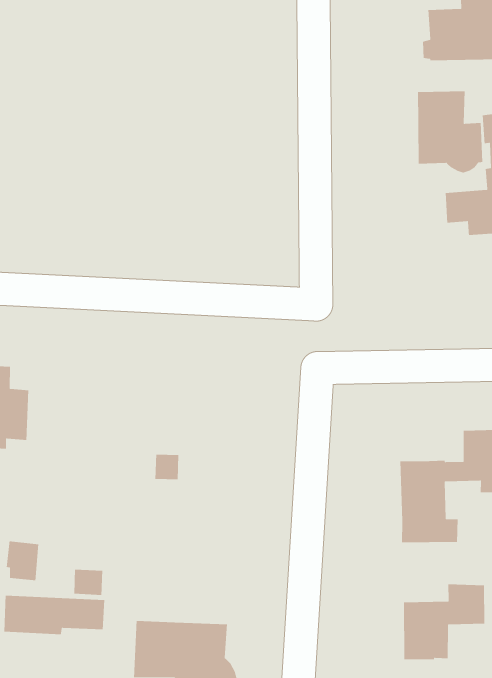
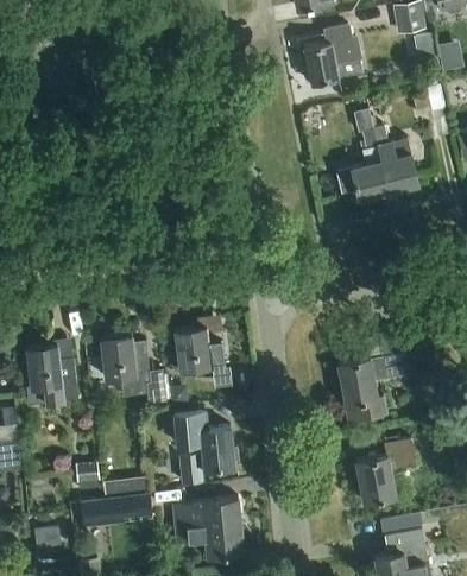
building: [417,91,483,173] -> none
building: none -> [102,335,166,407]
building: none -> [176,327,226,375]
building: none -> [173,414,240,482]

